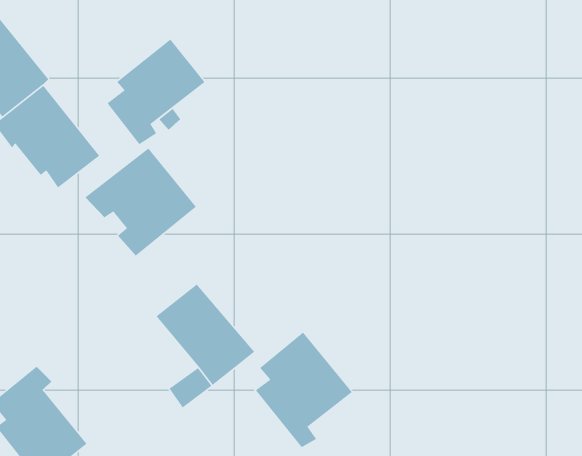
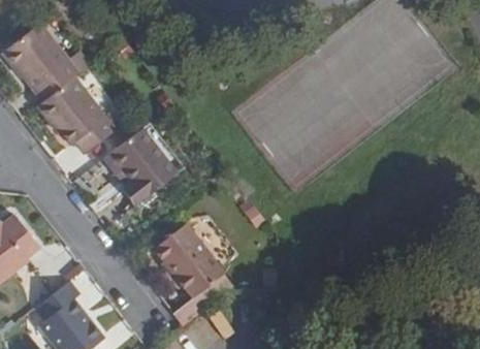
building: [106,38,205,145] -> none
building: [255,332,353,448] -> none

